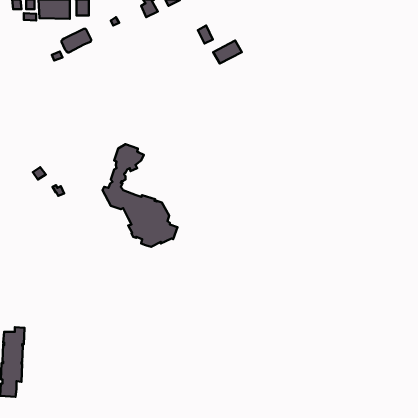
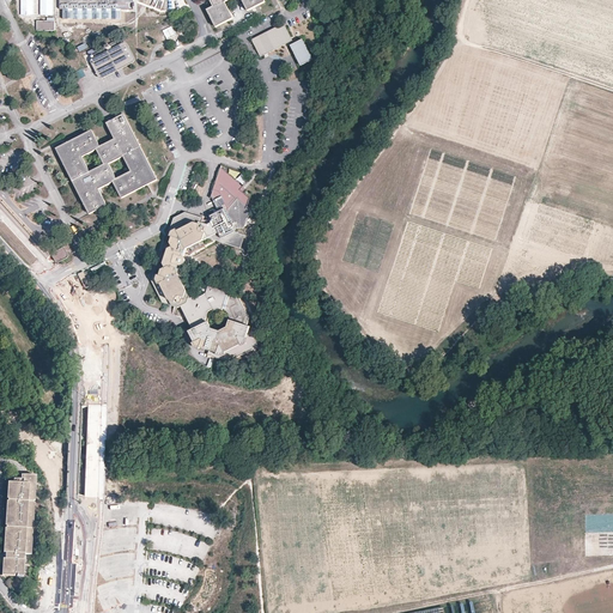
building: [213,41,242,64] -> [249,22,291,55]
building: none -> [55,114,154,212]
building: none -> [200,166,248,247]

